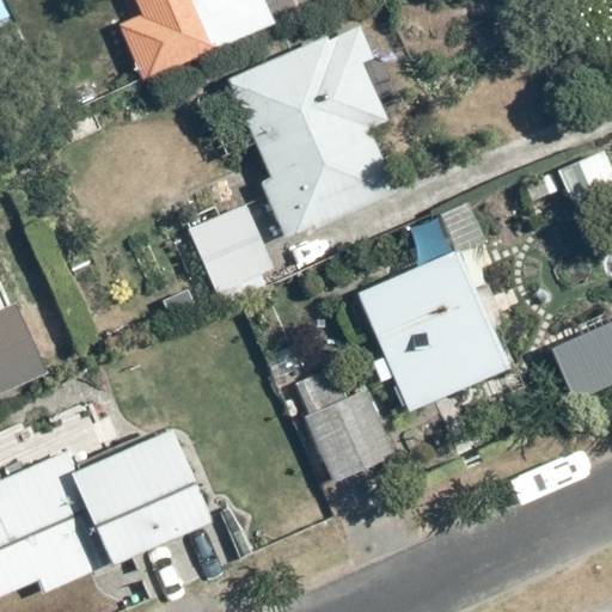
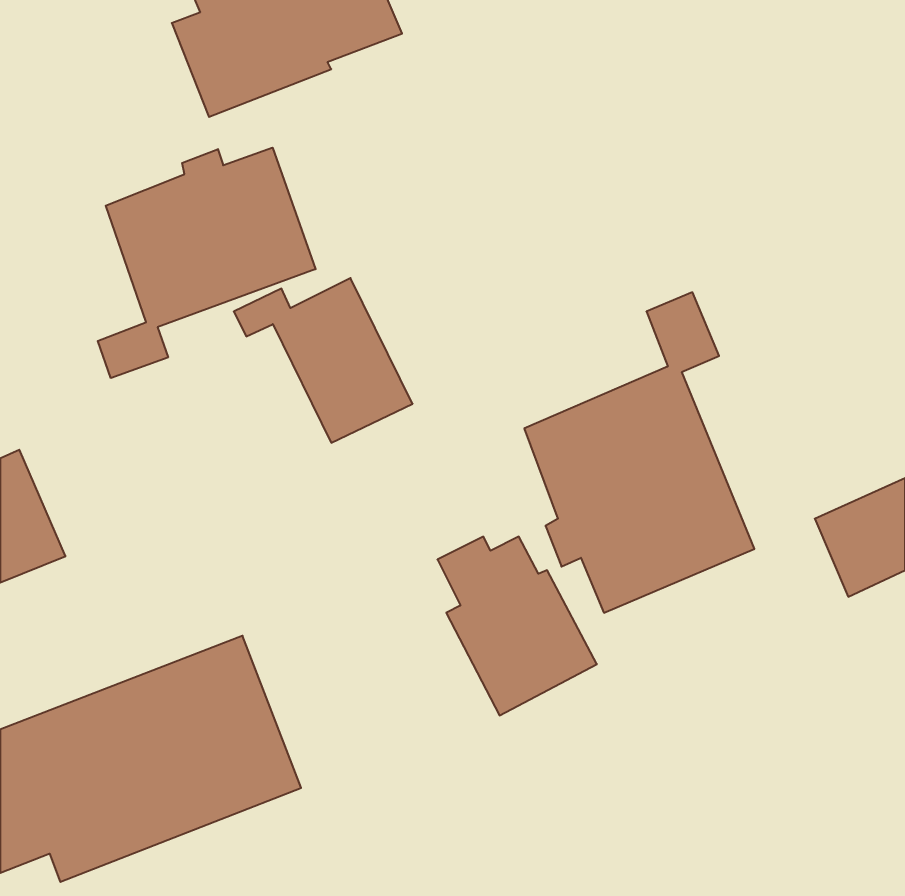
building: [224,18,402,231] -> none
building: none -> [98,148,316,378]

